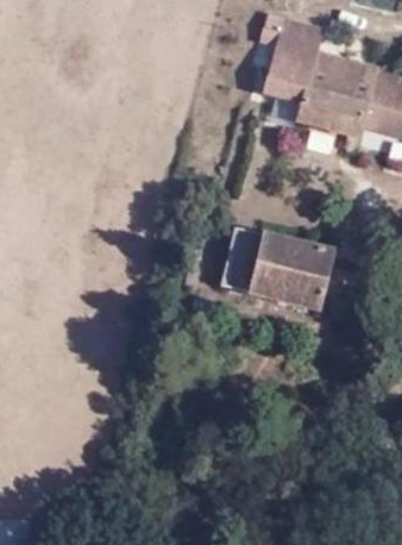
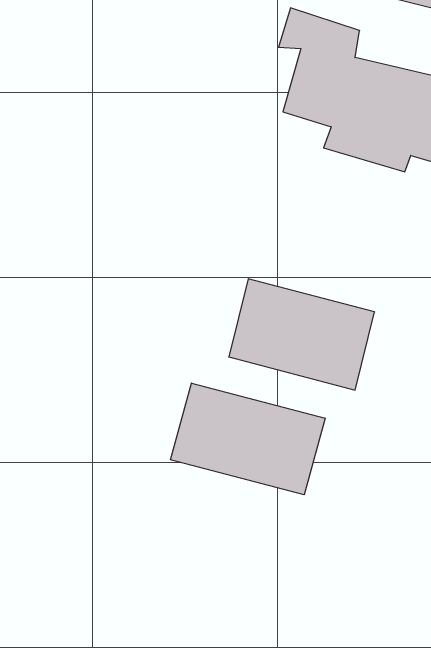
building: none -> [170,383,325,495]

